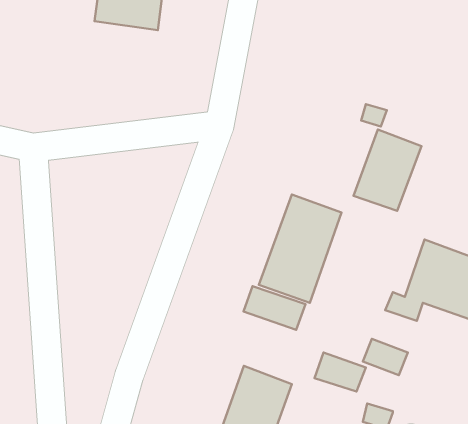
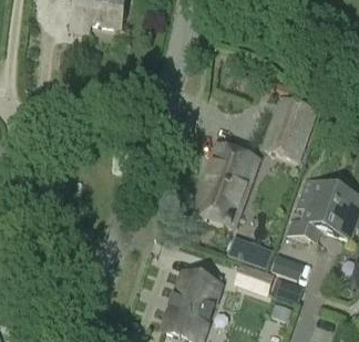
building: [244,286,305,330] -> [228,237,274,269]

